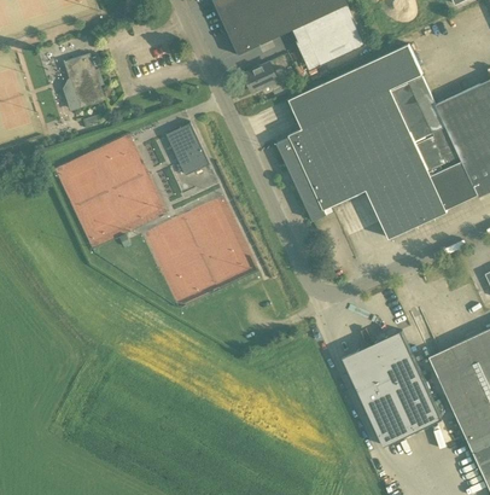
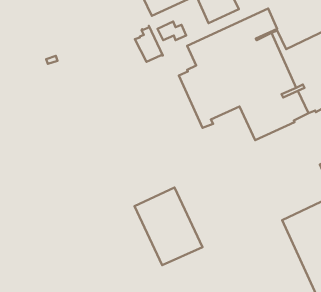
building: [63,53,105,110] -> none
building: [169,121,210,174] -> [135,26,163,62]
building: [343,330,443,444] -> [134,187,202,265]

